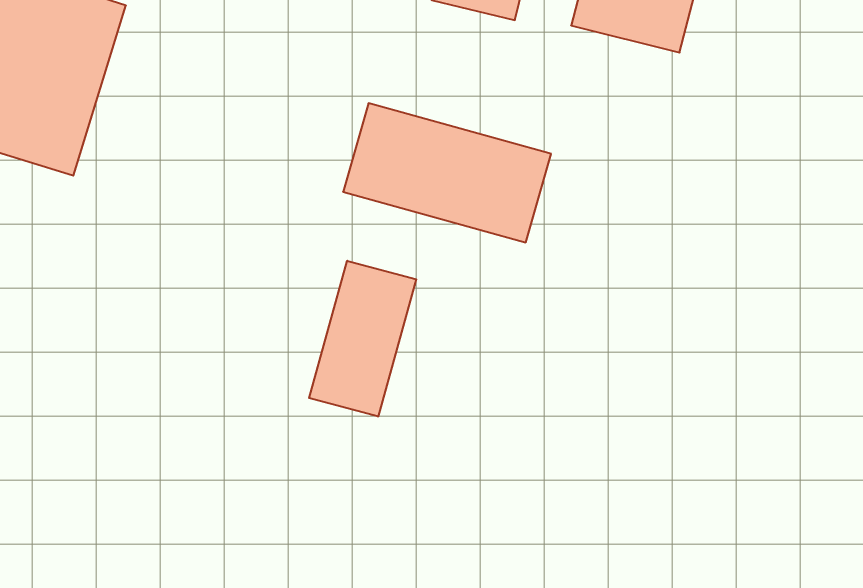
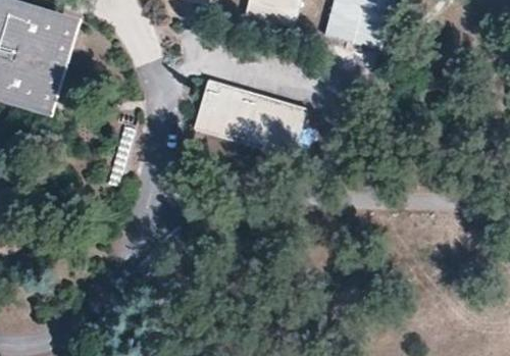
building: [309,261,416,417] -> none

